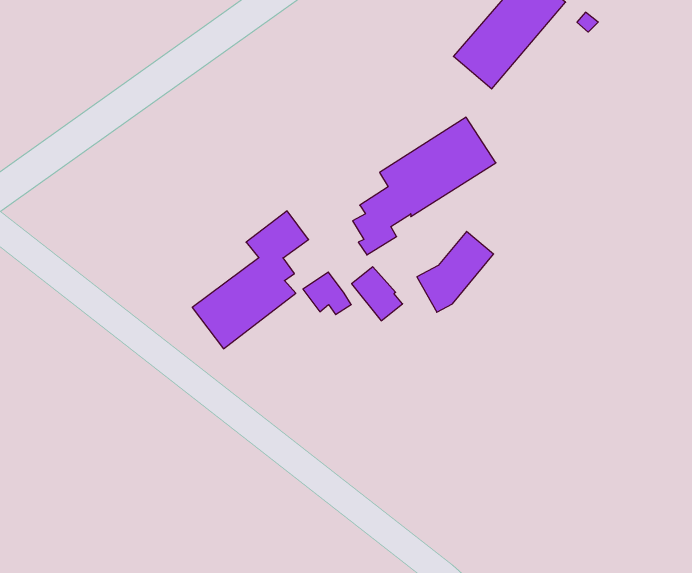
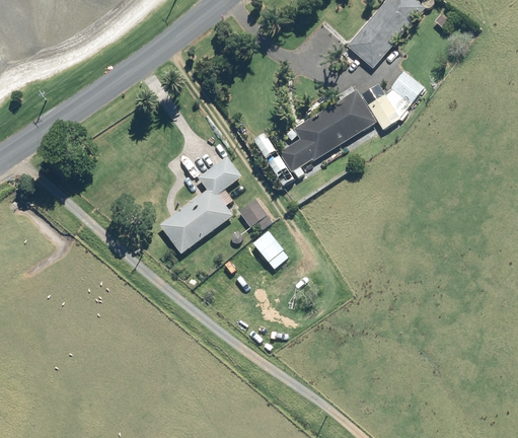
building: [417,231,494,312] -> [368,72,423,130]
building: [352,267,403,321] -> [252,231,289,270]

